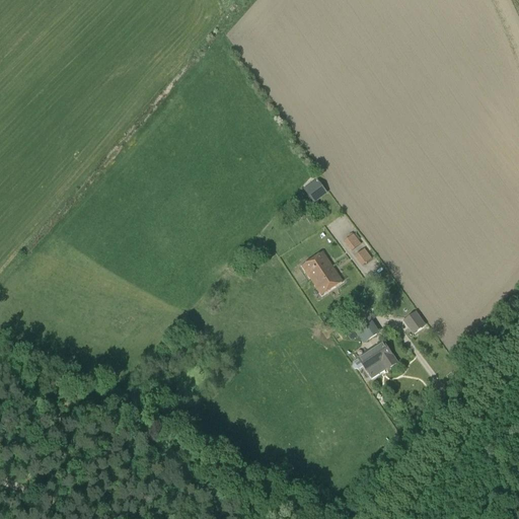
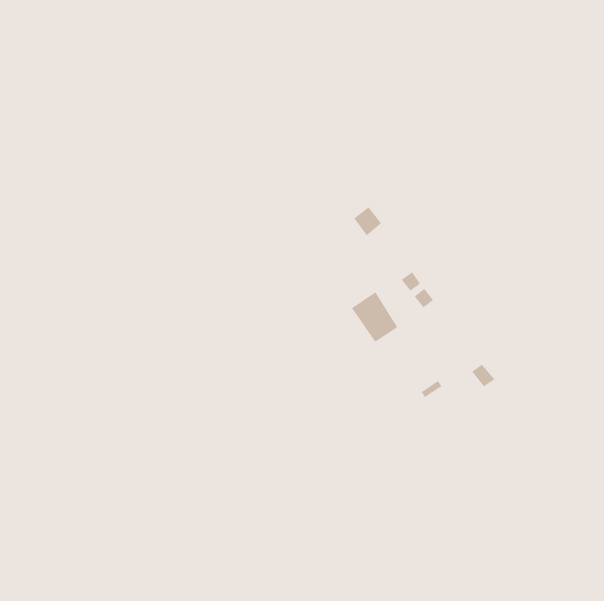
building: [353,341,397,370] -> none

